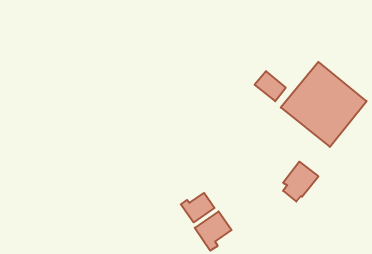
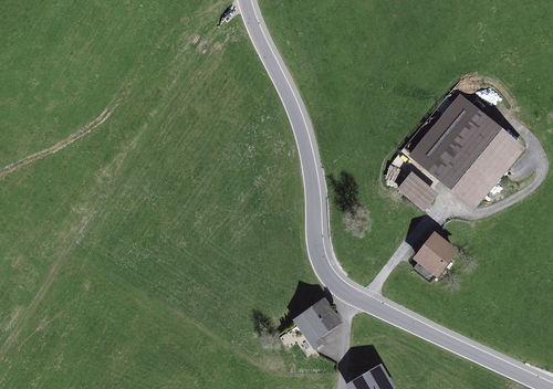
building: [255,71,286,101] -> [396,170,438,211]
building: [181,193,215,222] -> none

